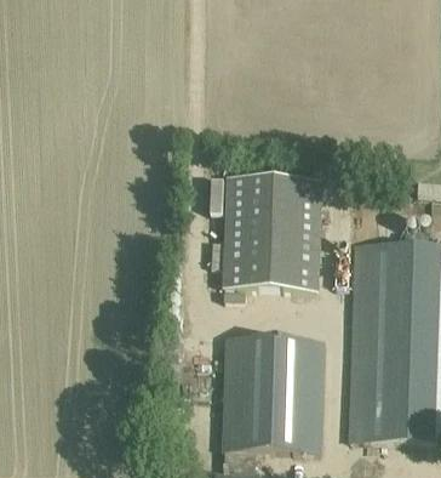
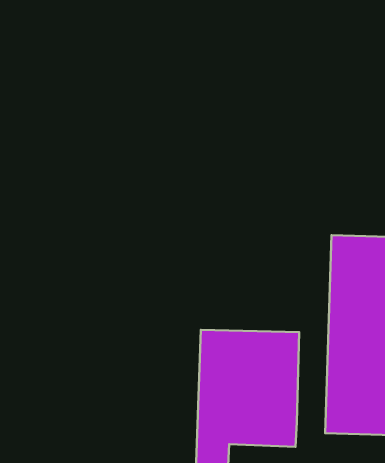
building: [220,175,321,289] -> none

